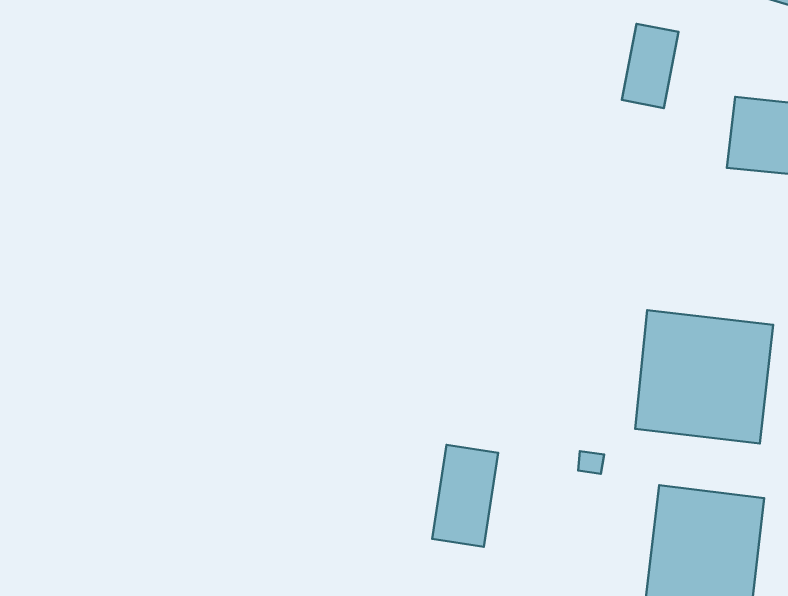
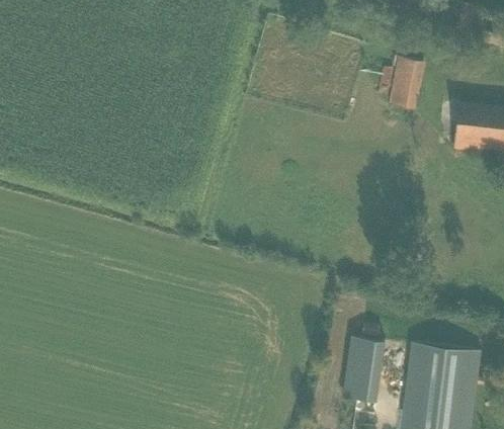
building: [635,310,773,444] -> none
building: [432,445,498,547] -> [342,338,384,402]

